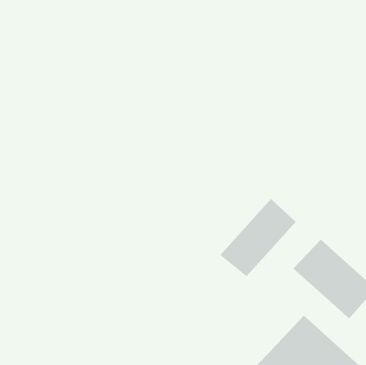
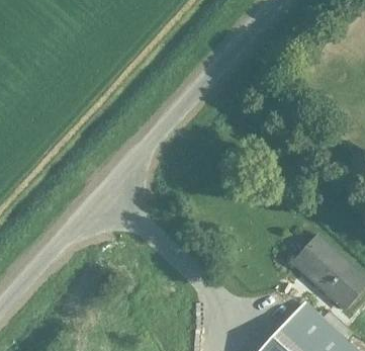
building: [220,198,297,277] -> none

